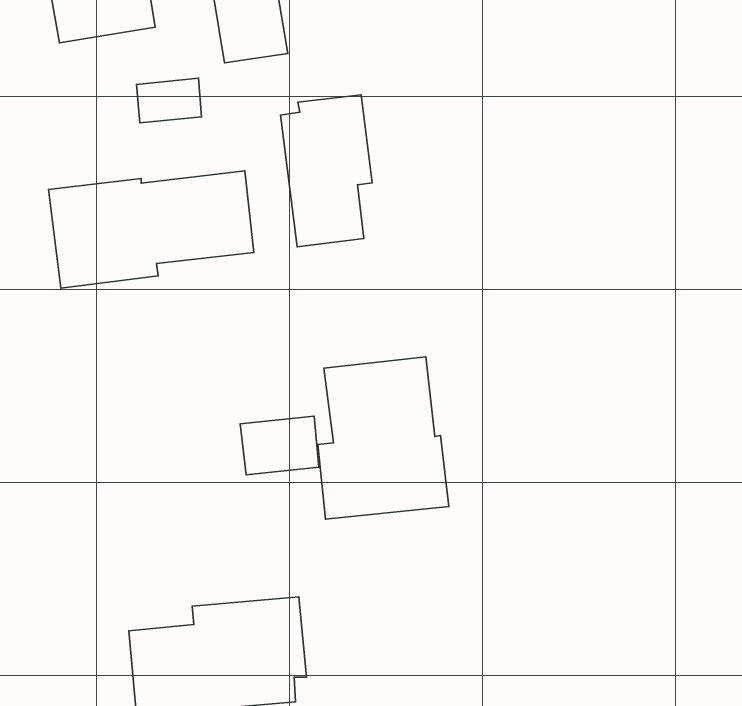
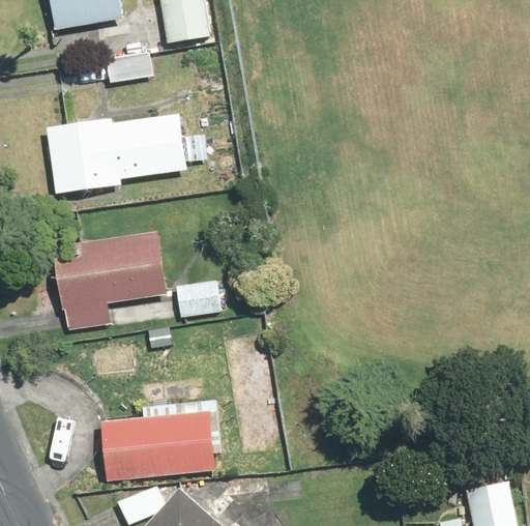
building: [281,95,372,247] -> none
building: none -> [53,232,166,331]
building: [318,357,449,519] -> none

